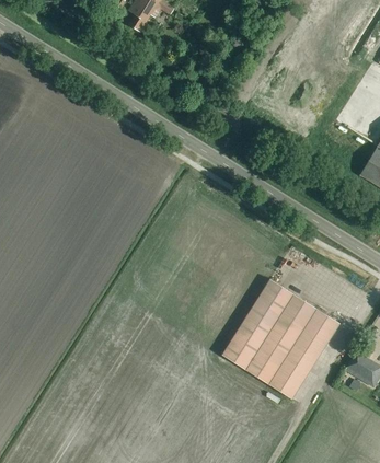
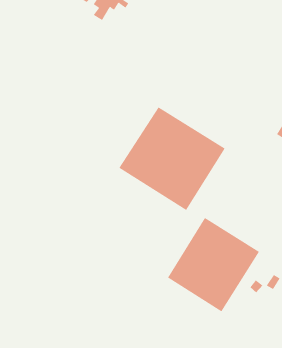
building: none -> [119,106,226,211]

